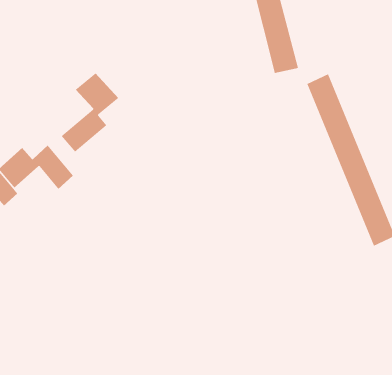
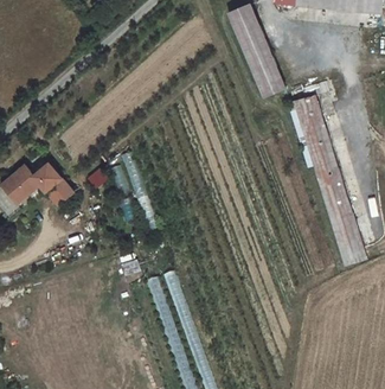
building: [61,72,119,153] -> none

